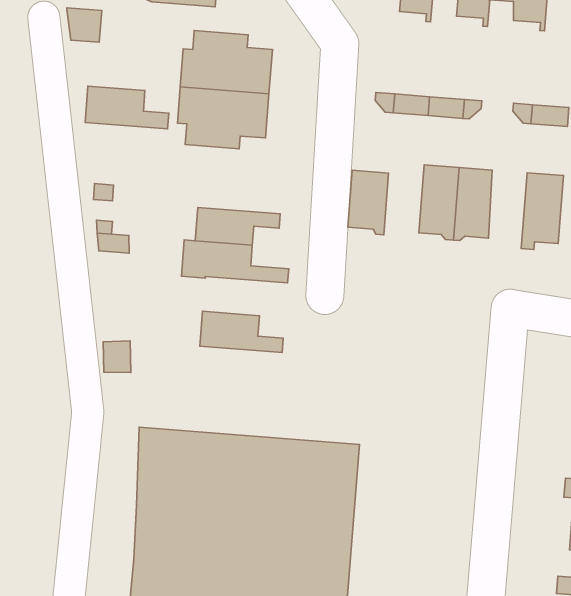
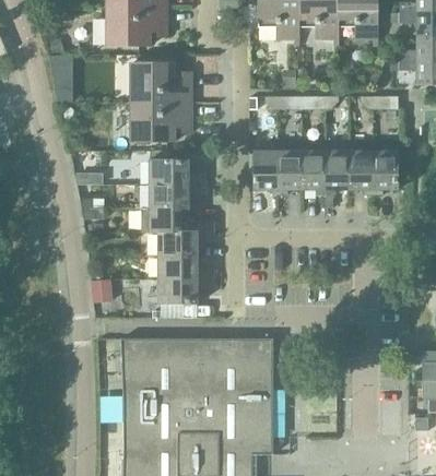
building: [85,86,169,129] -> [149,160,205,186]
building: none -> [278,144,302,194]
building: none -> [349,144,373,197]
building: none -> [157,233,214,257]
building: none -> [157,281,214,306]

